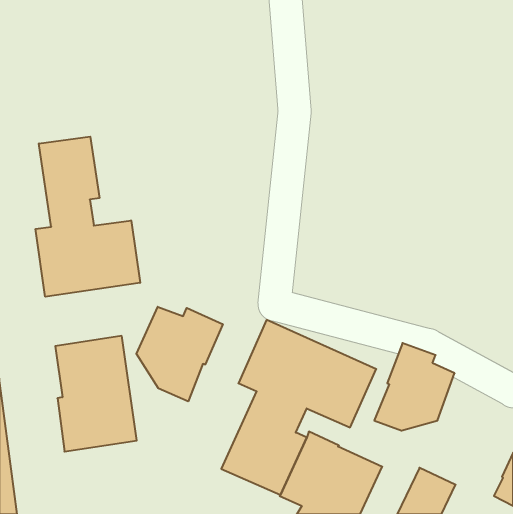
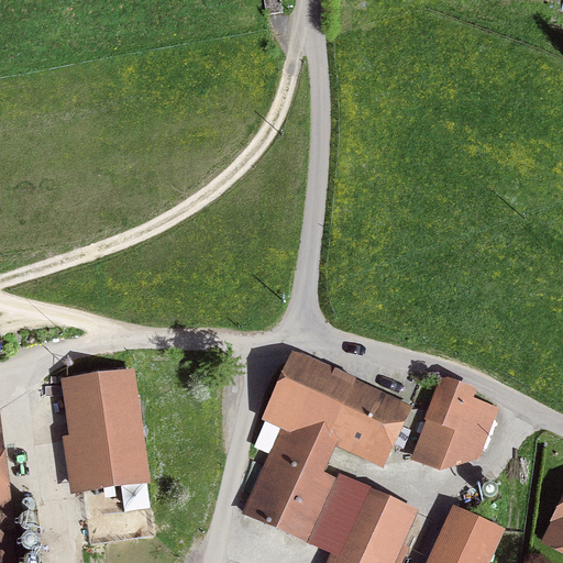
building: [36,137,140,297] -> none
building: [136,307,223,401] -> none

